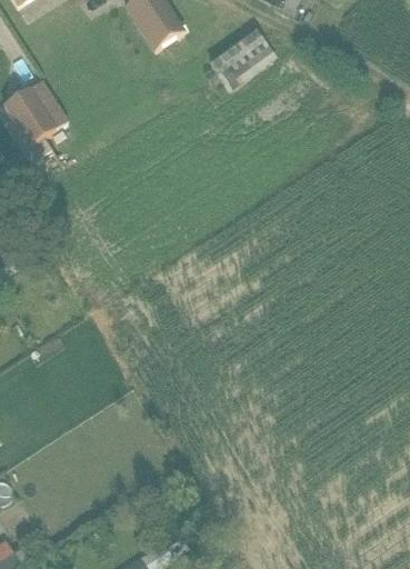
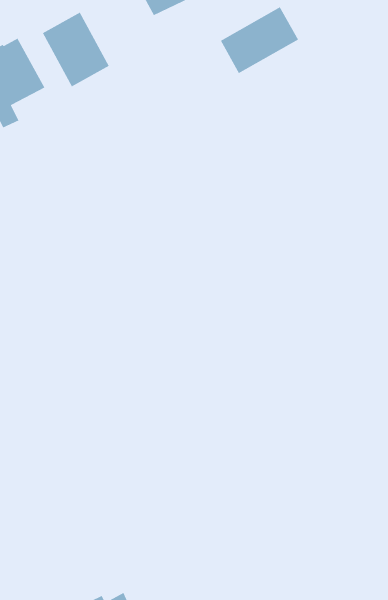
building: none -> [42,12,110,87]

